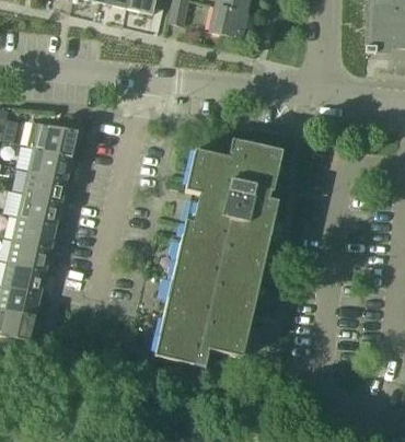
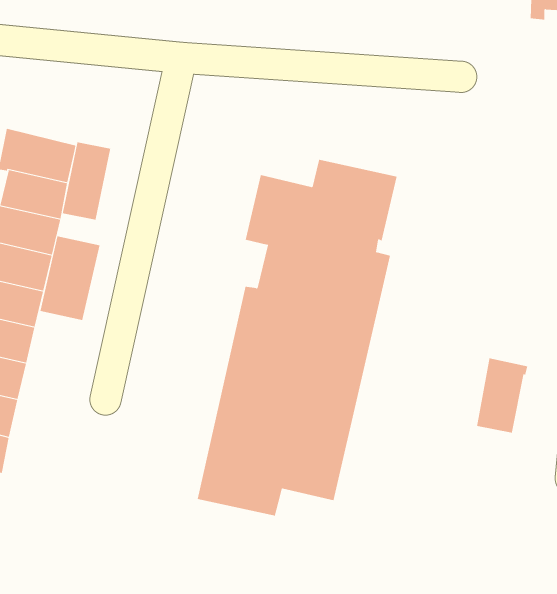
building: none -> [62,142,111,221]
building: none -> [40,235,100,321]
building: none -> [476,357,528,434]

